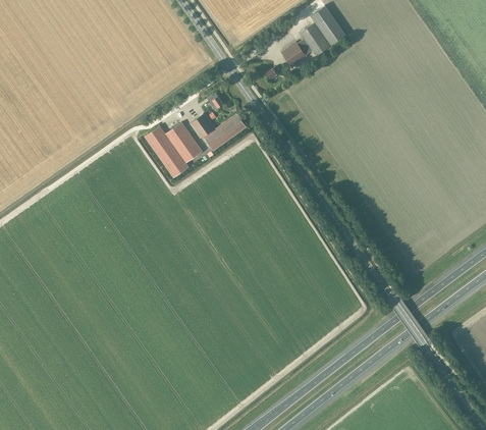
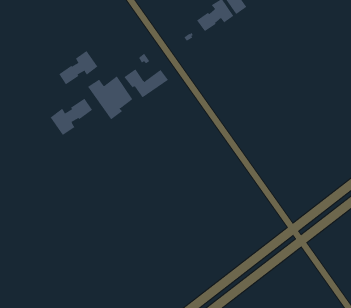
building: none -> [59,50,98,85]
building: none -> [50,98,93,136]

